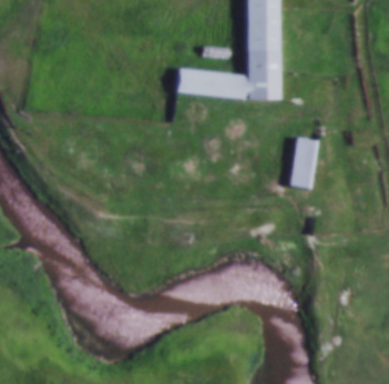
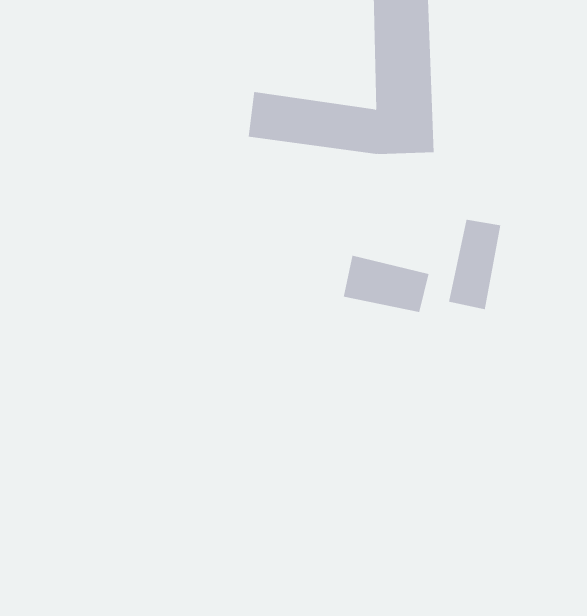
building: none -> [343,255,429,313]

